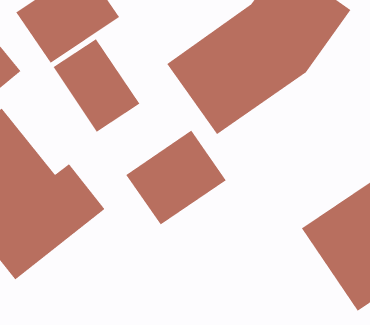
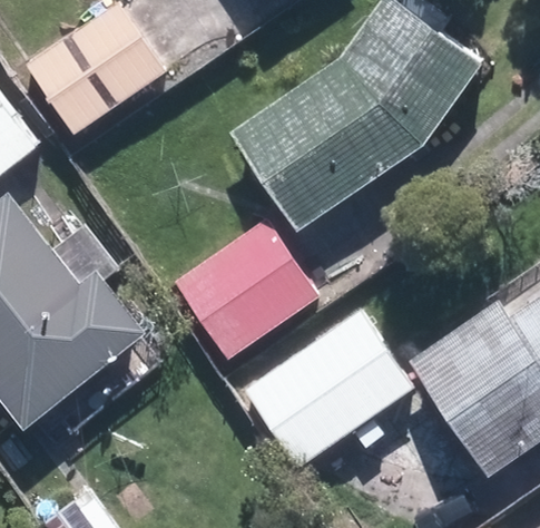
building: [52,38,140,133] -> none
building: none -> [245,312,410,465]

